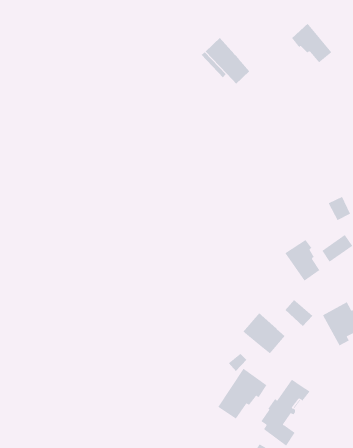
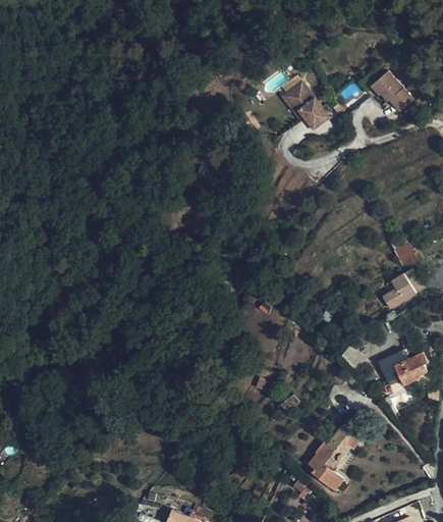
building: [284,239,320,281] -> none
building: [242,312,286,354] -> none
building: [217,368,267,419] -> none

